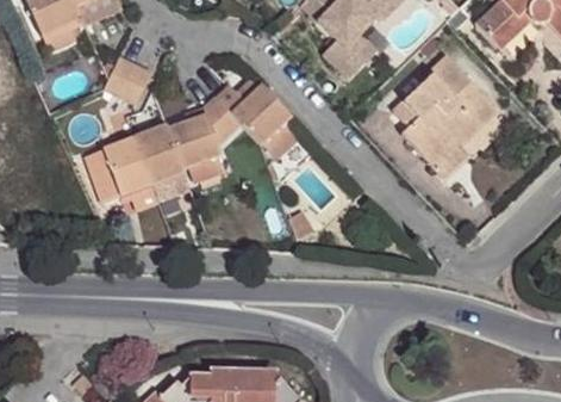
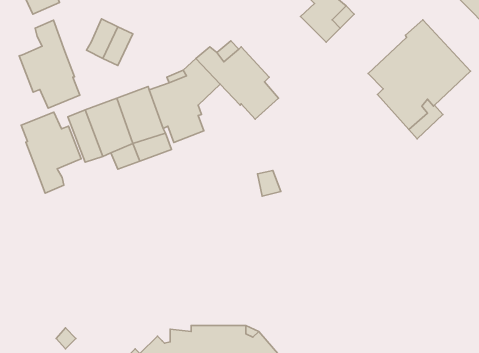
building: none -> [19,20,80,108]
building: none -> [21,112,81,193]

